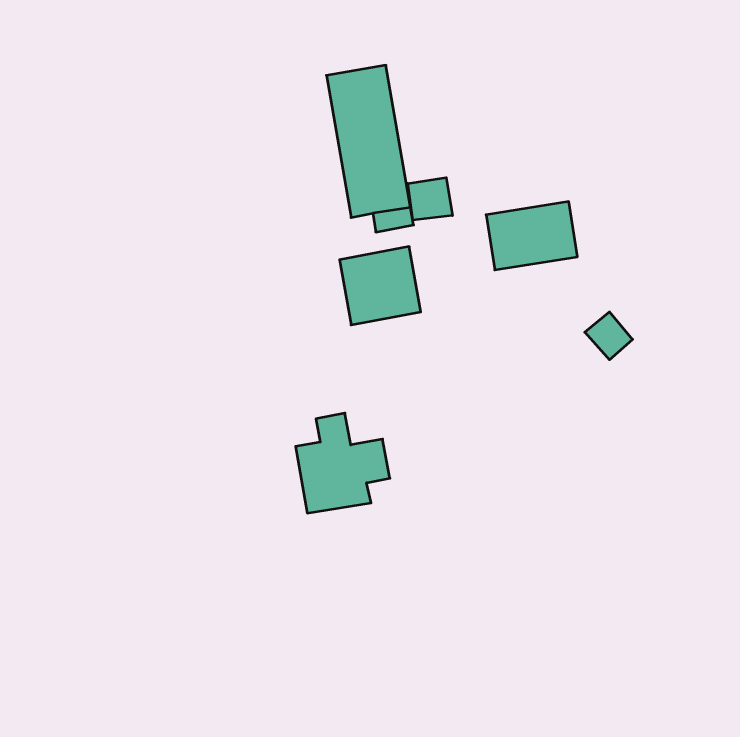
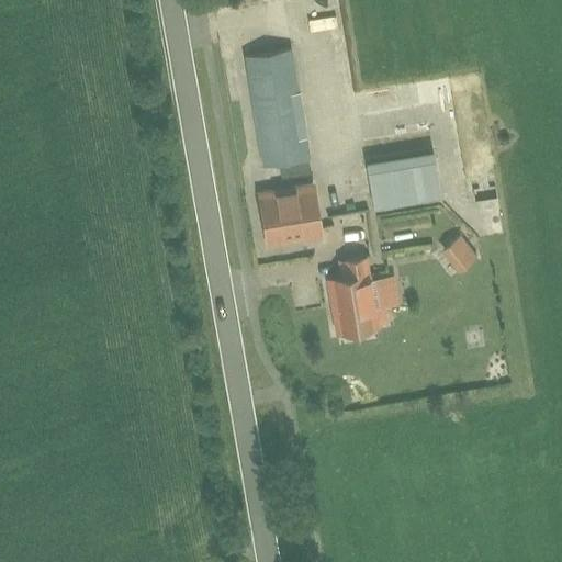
building: [408,178,452,220] -> none
building: [296,413,390,513] -> [328,257,400,333]

